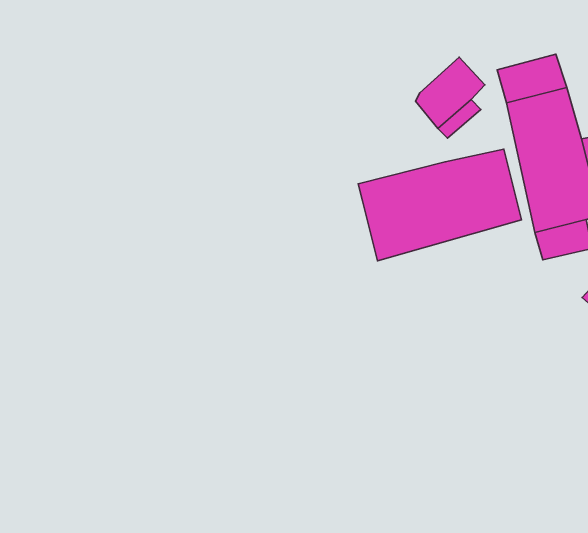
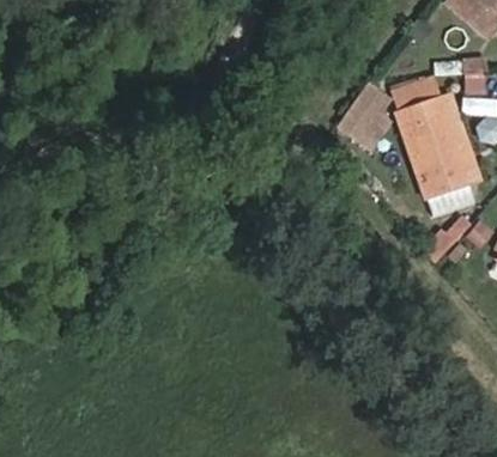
building: [358,149,521,261] -> none

